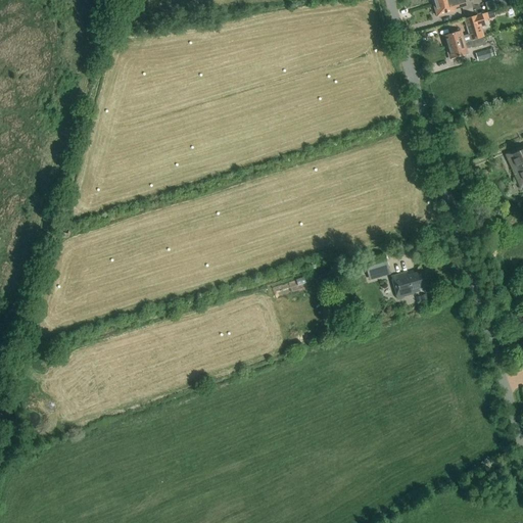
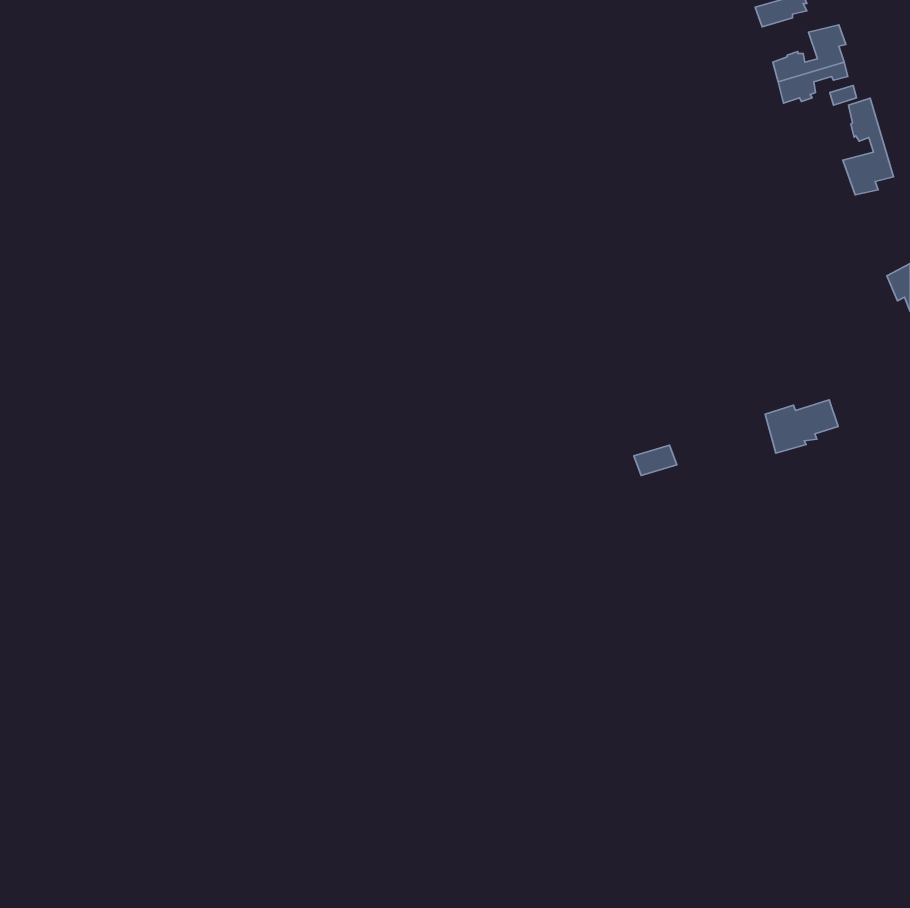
building: none -> [843,98,894,195]
building: [391,269,433,299] -> [765,400,838,453]

